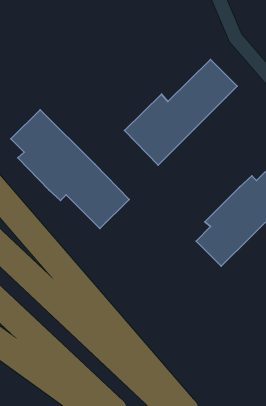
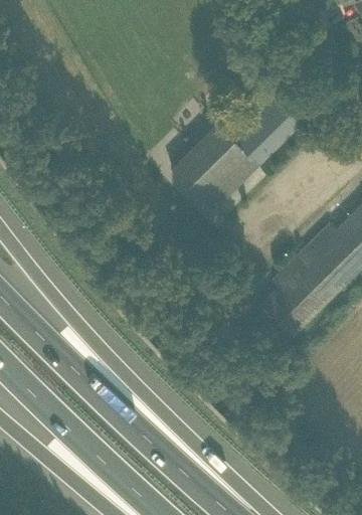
building: [11,110,129,228] -> none

